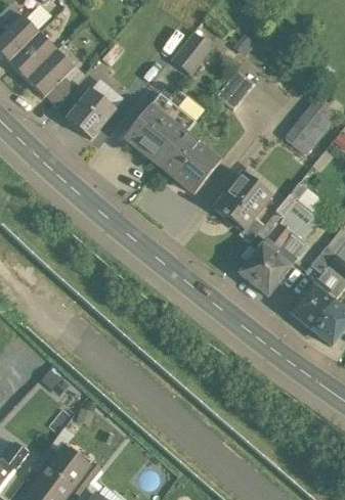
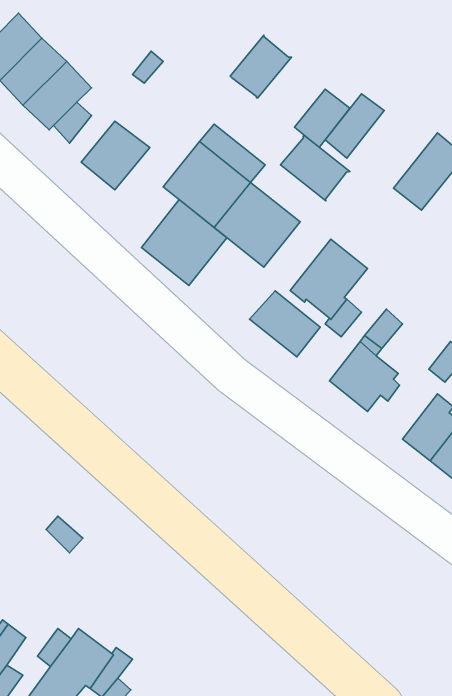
building: none -> [325,94,384,158]
building: none -> [281,136,350,201]
building: none -> [141,200,227,285]
building: [281,199,316,237] -> none
building: none -> [249,291,320,357]

